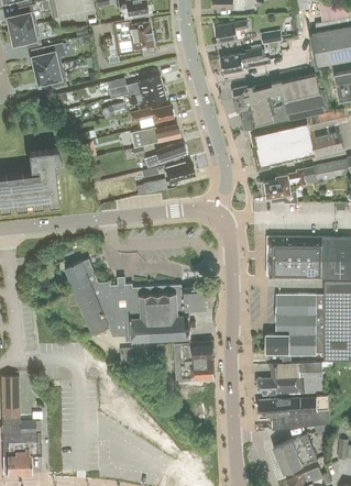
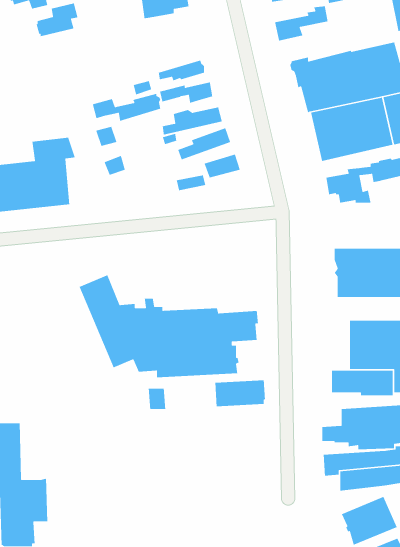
building: [34,64,66,88] -> none
building: [107,75,162,98] -> [92,93,161,122]
building: [174,362,213,382] -> none

